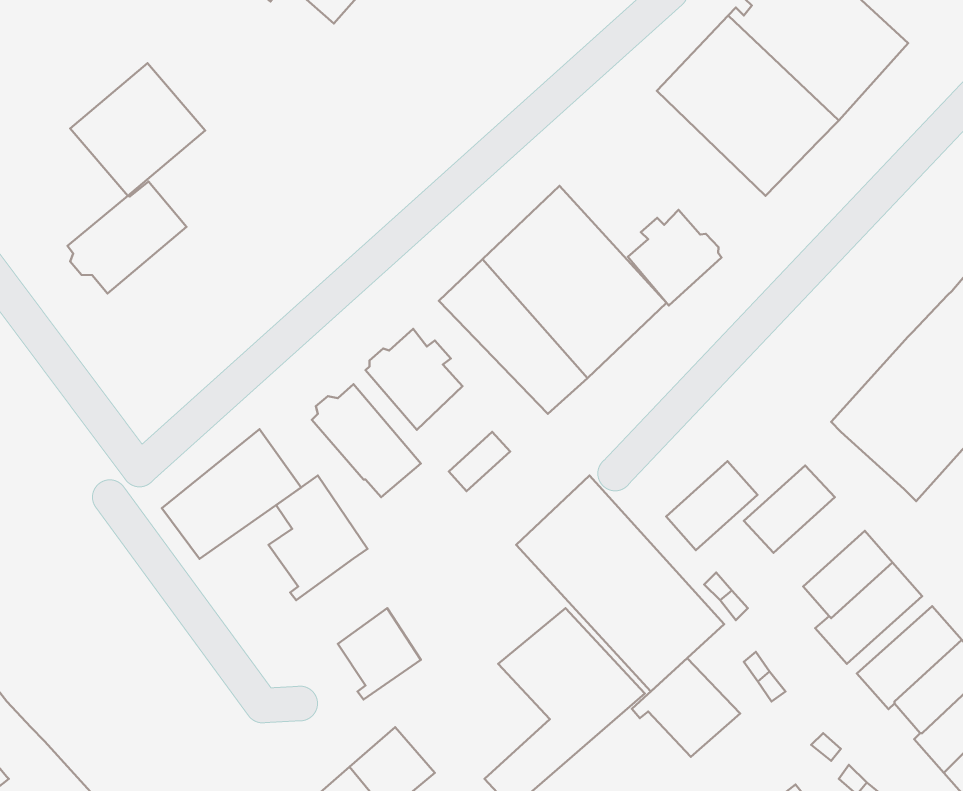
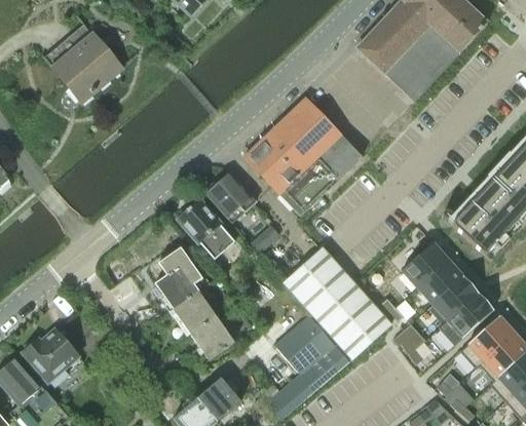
building: [67,181,187,294] -> none
building: [628,210,722,306] -> none
building: [162,429,301,559] -> none
building: [666,461,757,550] -> [417,258,464,304]
building: none -> [170,289,217,334]
building: none -> [21,327,79,387]
building: [632,658,740,757] -> none

